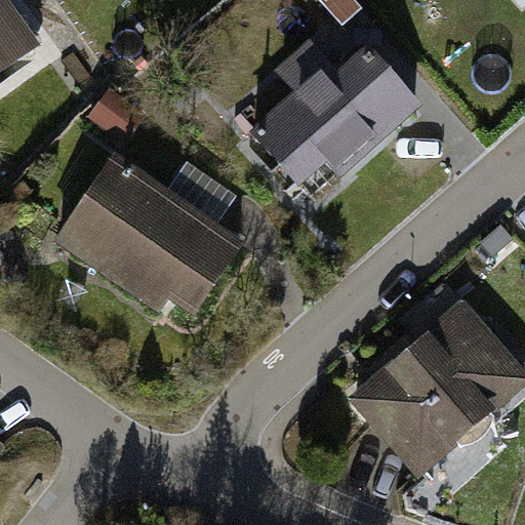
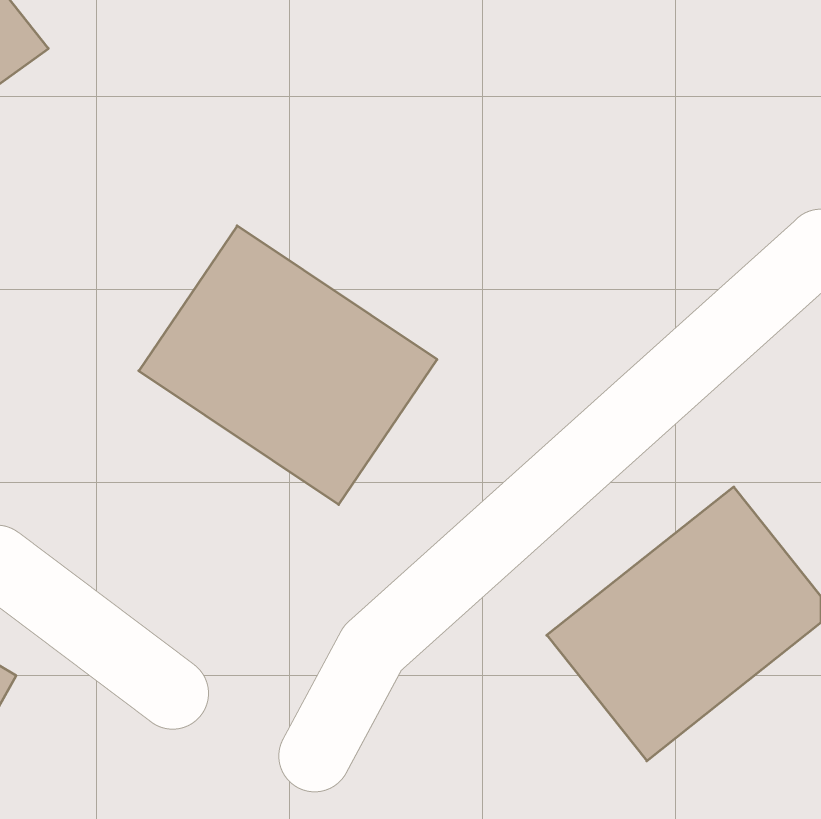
building: [244,33,417,178] -> none

